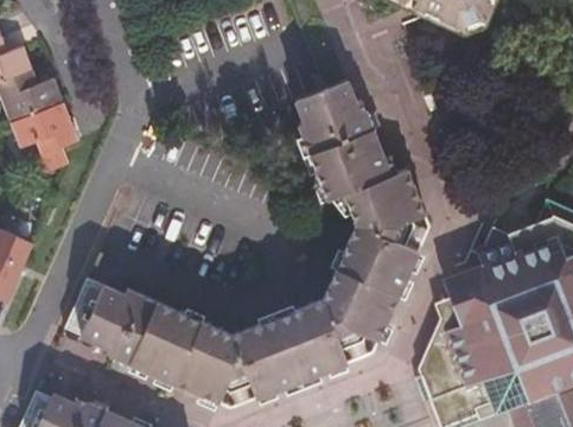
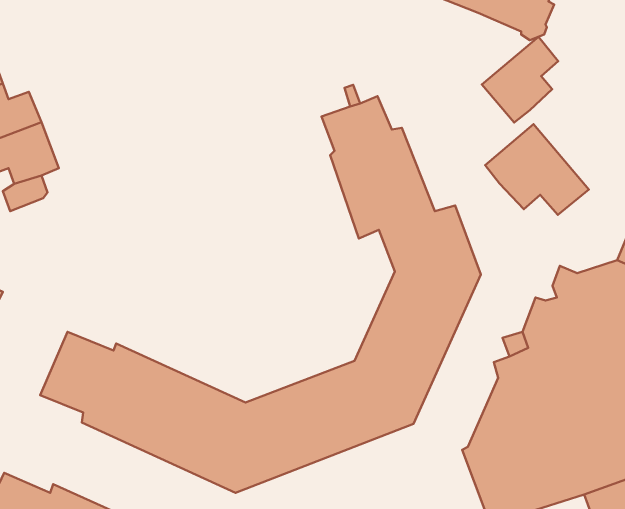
building: none -> [482,37,558,123]
building: none -> [485,124,589,215]

